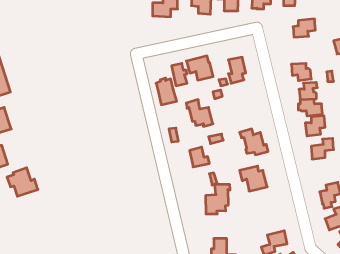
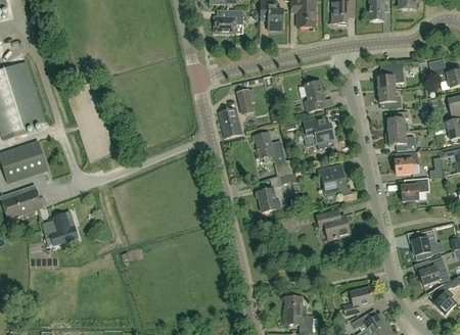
building: [293,19,315,37] -> [377,67,404,89]
building: [186,56,213,80] -> [303,114,334,143]
building: [206,184,230,214] -> none

